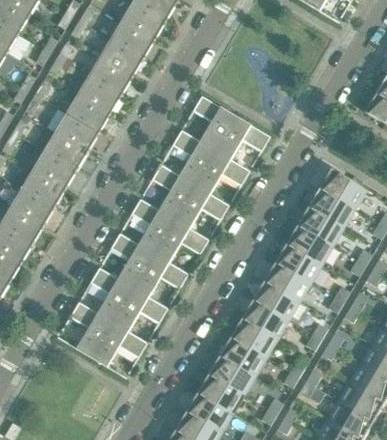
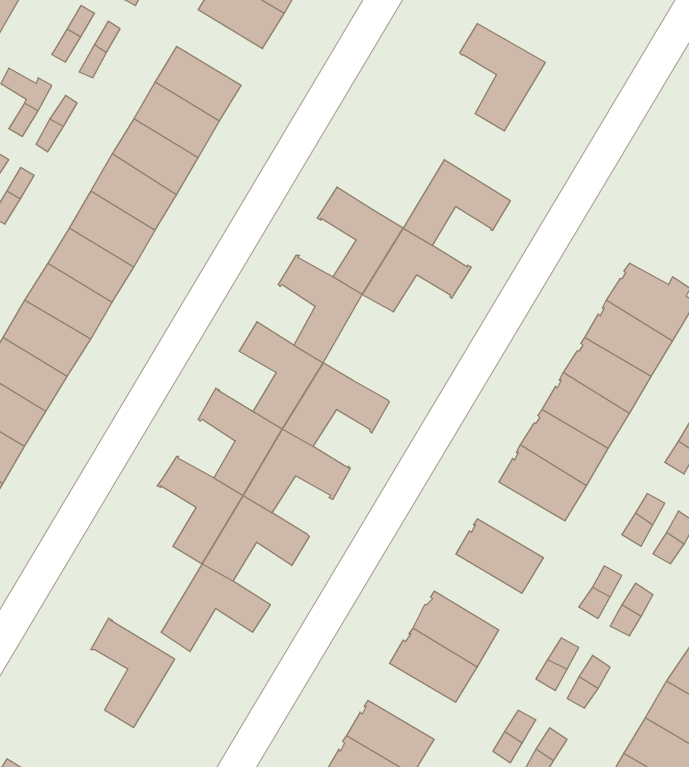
building: [99,38,143,77] -> none
building: [192,95,236,150] -> [460,24,545,131]
building: [174,184,229,228] -> none
building: [253,280,298,319] -> none
building: [69,301,112,357] -> [91,618,175,728]
building: [231,317,276,356] -> none
building: [197,373,242,412] -> none

